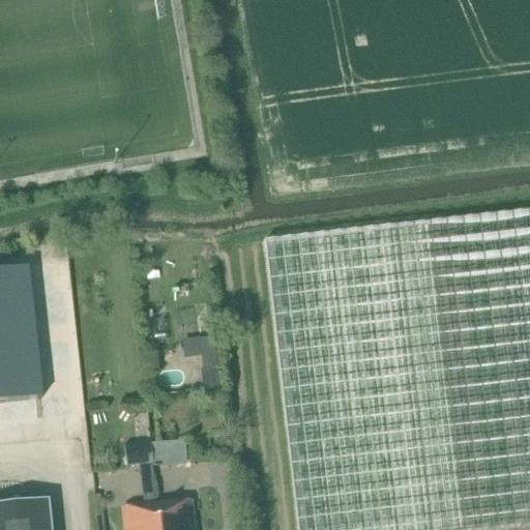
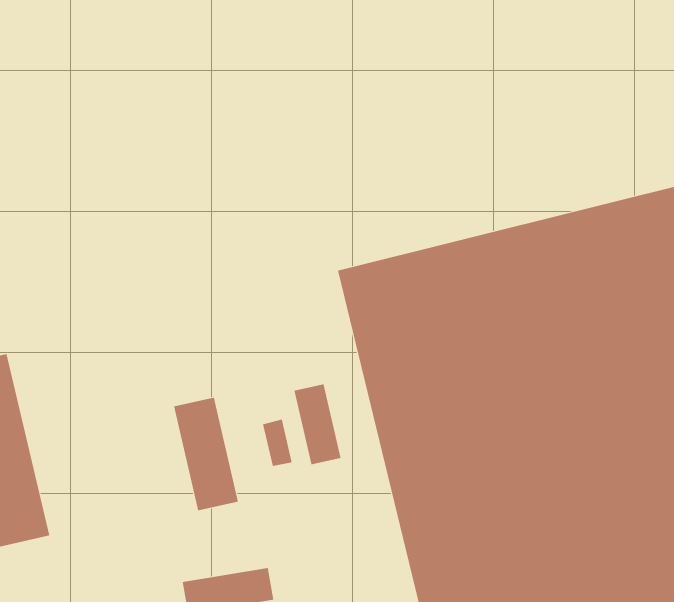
building: none -> [173,397,238,511]
building: none -> [294,384,341,465]

